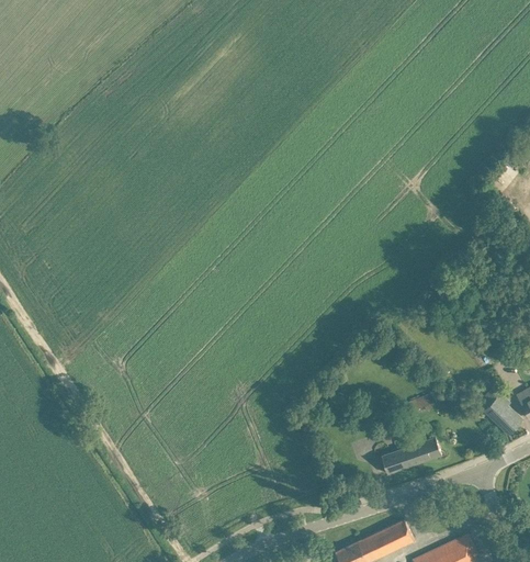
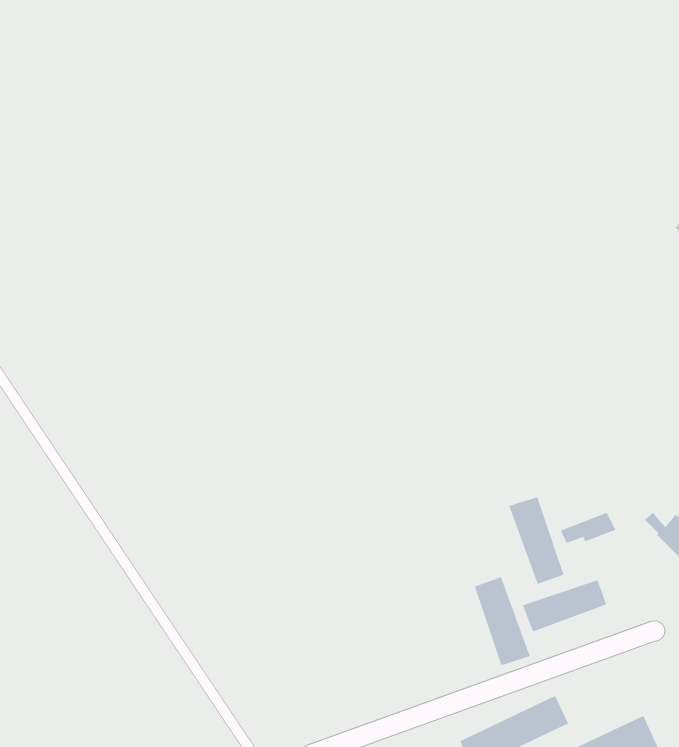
building: none -> [508,496,565,585]
building: none -> [474,576,531,666]

